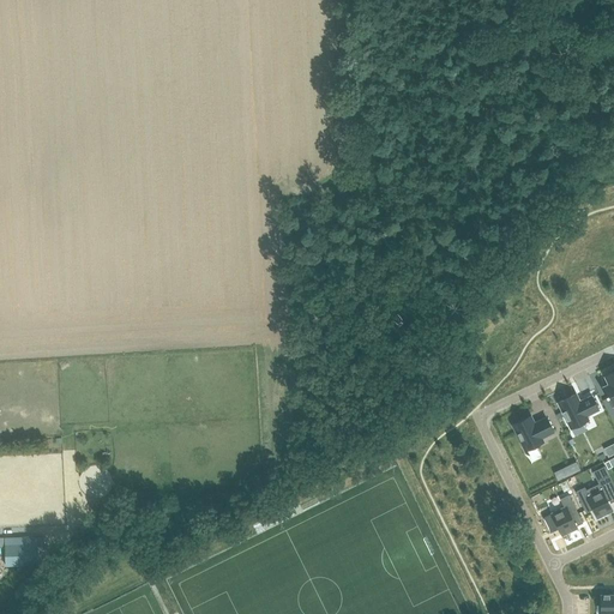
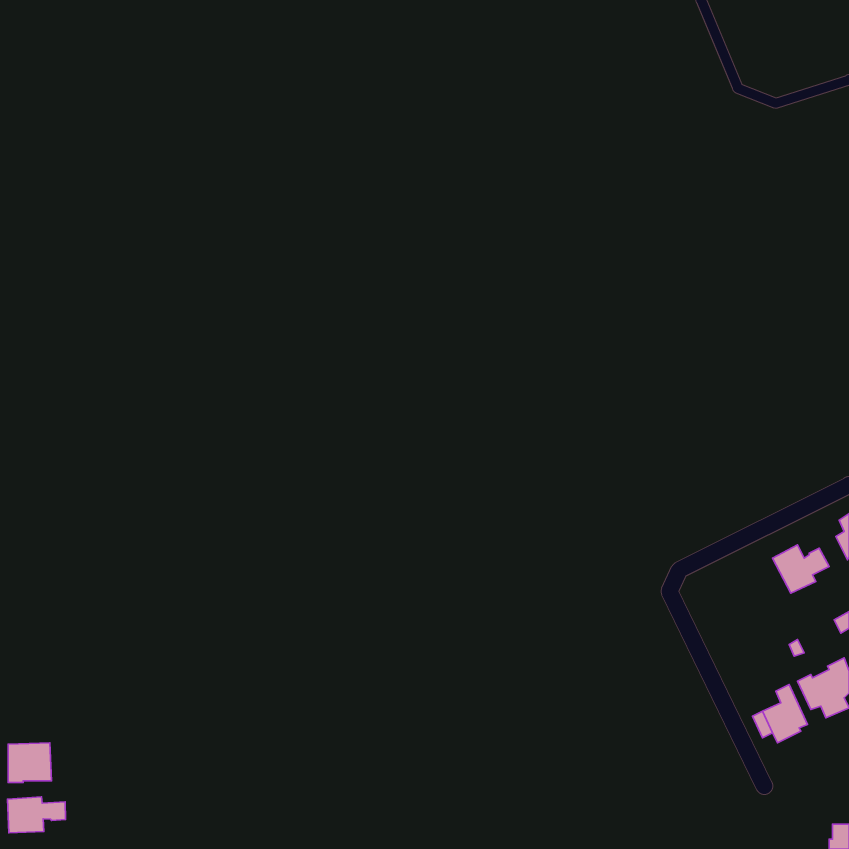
building: [517,414,558,449] -> none
building: none -> [7,797,65,833]

